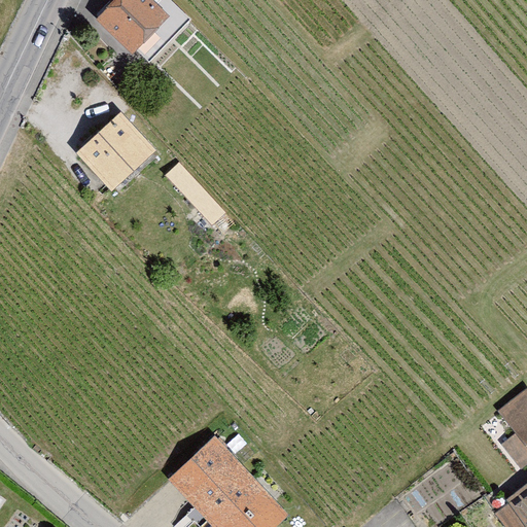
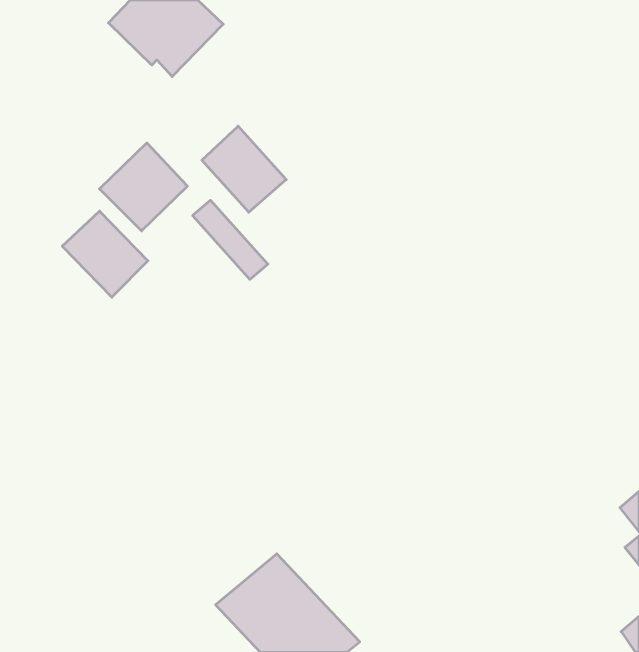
building: none -> [202,126,286,212]
building: none -> [62,211,148,297]

